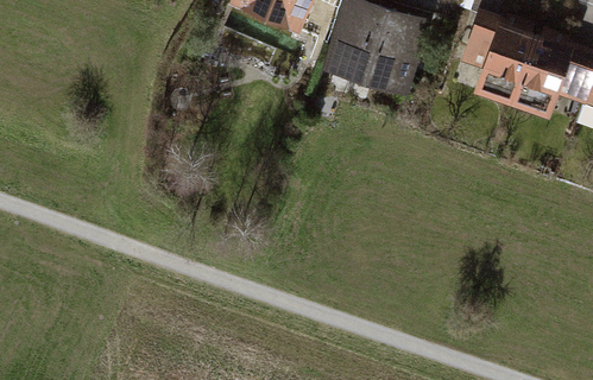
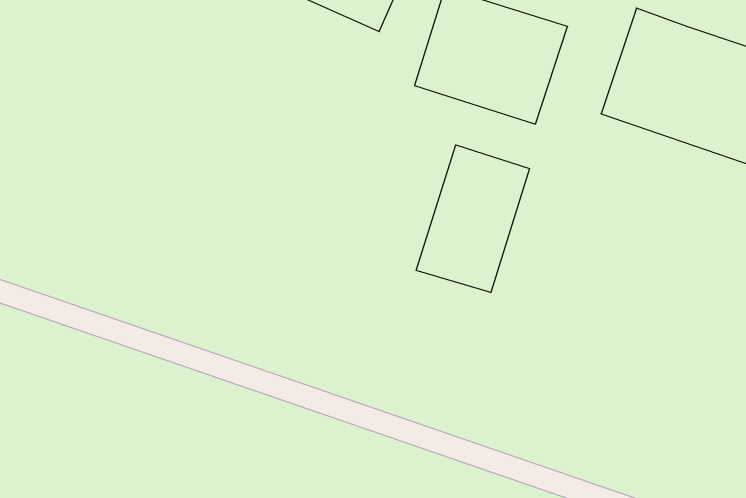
building: none -> [416,145,529,293]

